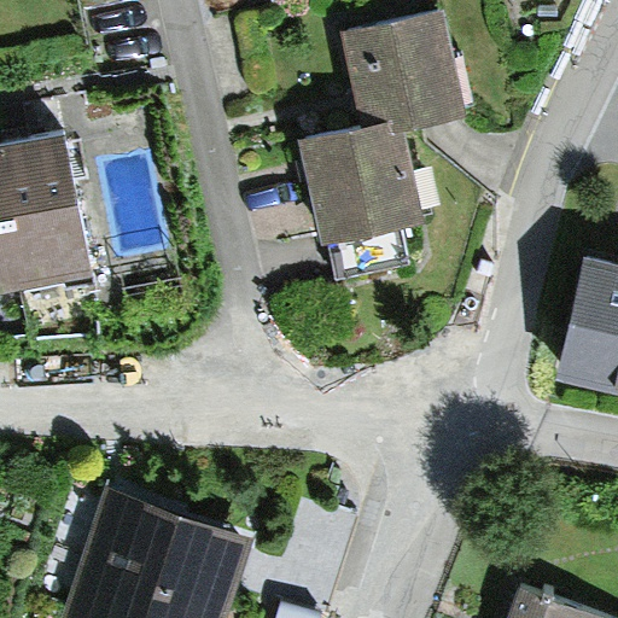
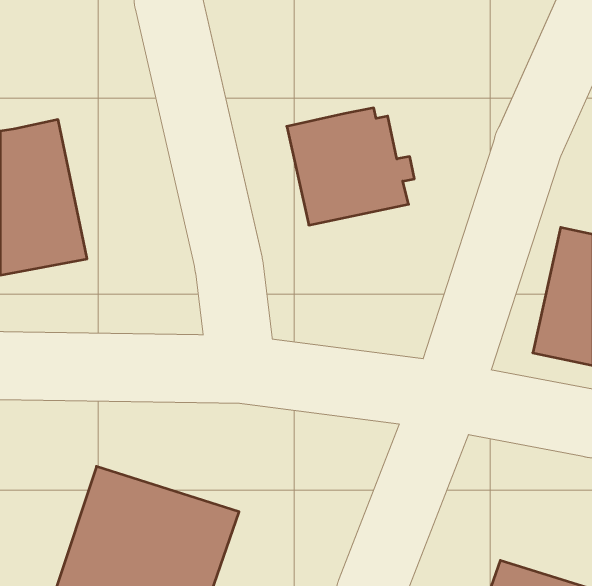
building: [339,13,465,130] -> none

